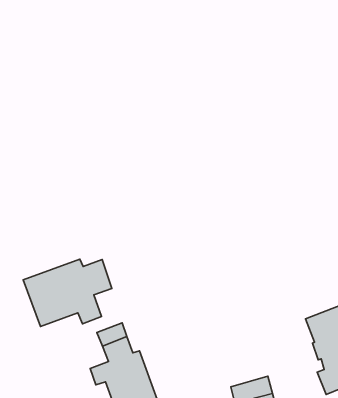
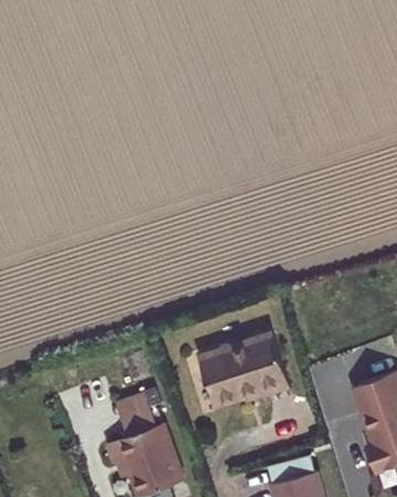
building: [23,259,112,327] -> none
building: none -> [199,336,290,406]

